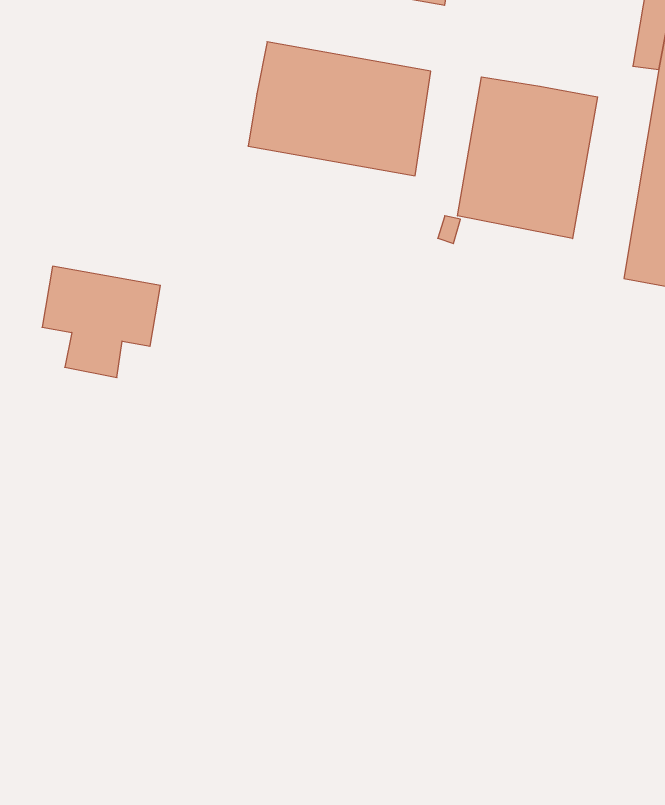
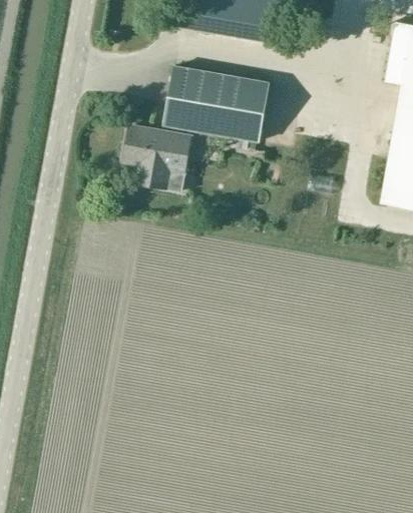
building: [458,77,598,239] -> none
building: [42,266,160,378] -> [122,124,190,188]

